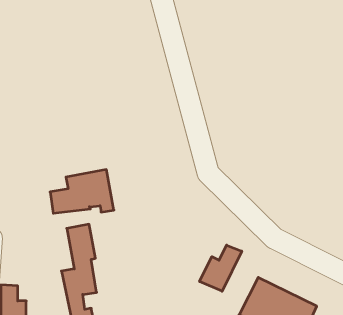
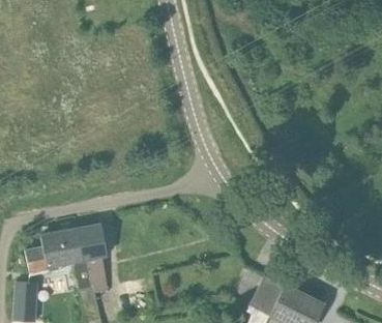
building: [50,170,114,213] -> [24,228,86,270]
building: [200,245,242,291] -> none

